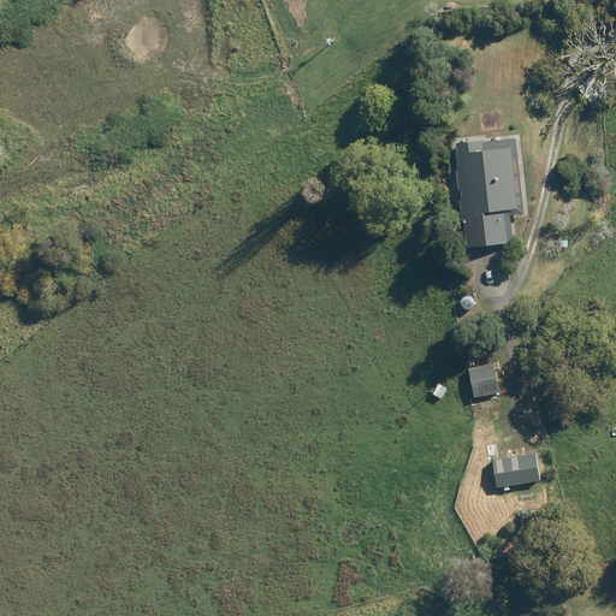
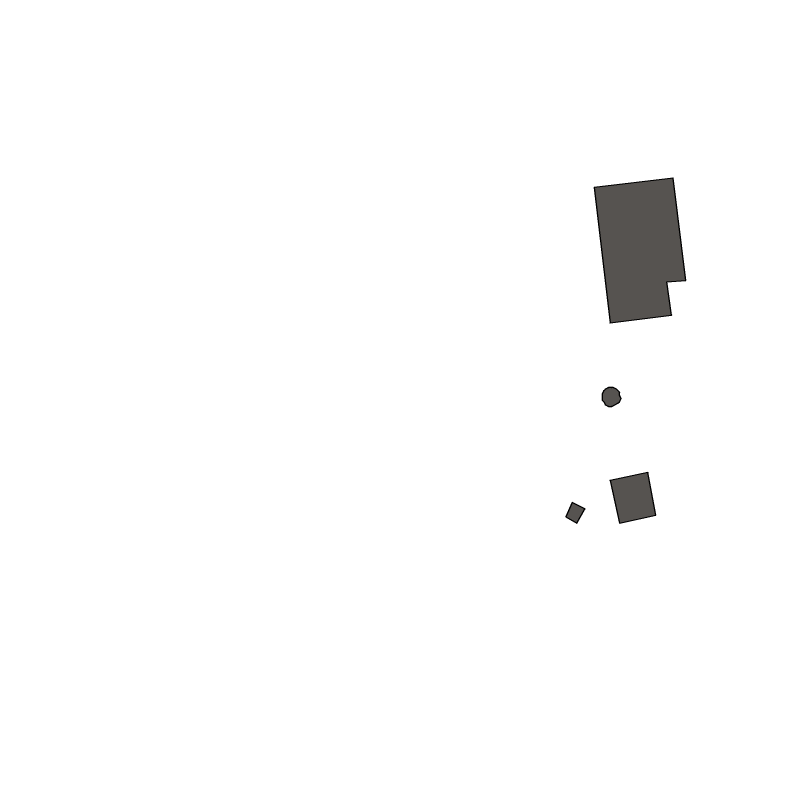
building: [490,451,537,488] -> none

